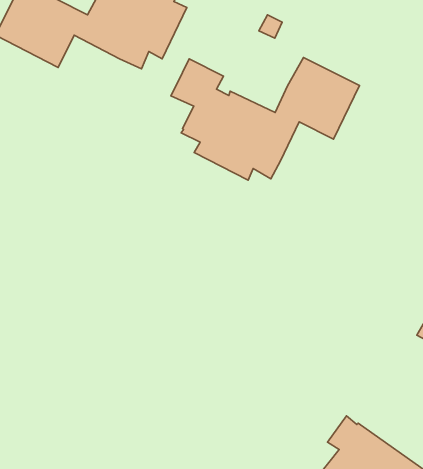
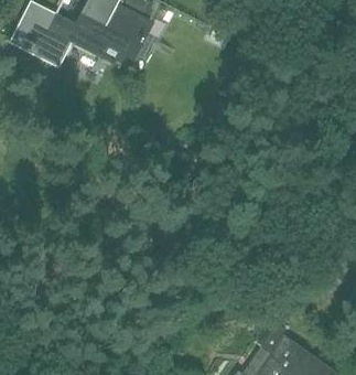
building: [171,57,360,180] -> none

